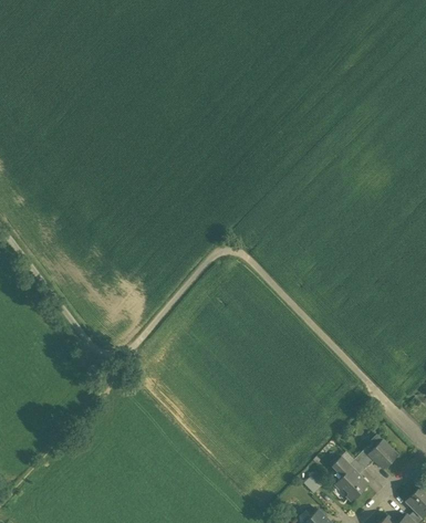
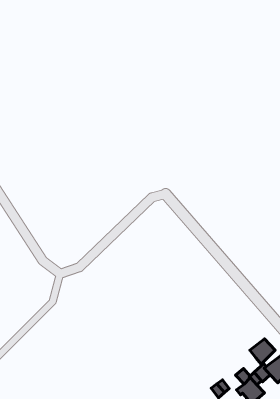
building: none -> [250,339,275,364]

